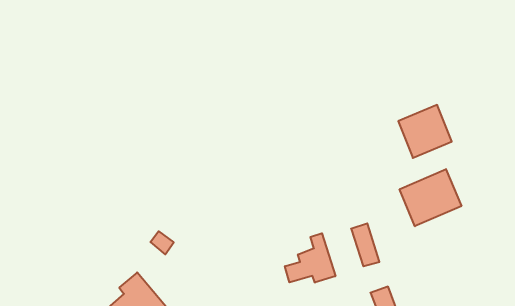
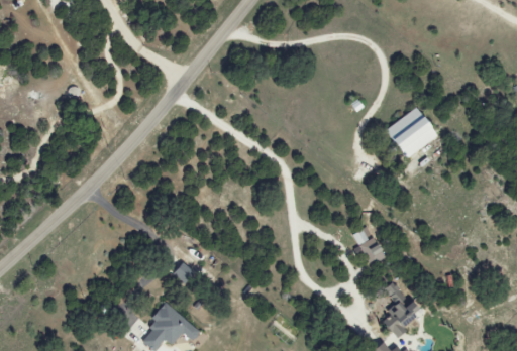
building: [400,169,461,226] -> none
building: [285,233,335,283] -> none

